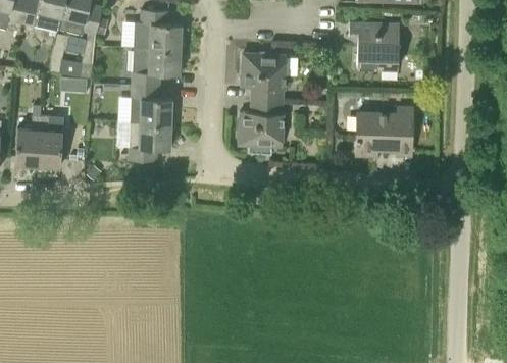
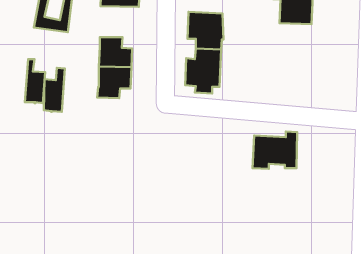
building: [132,46,181,85] -> none
building: [356,108,412,155] -> [252,131,297,169]
building: [15,111,42,166] -> [44,68,65,112]

